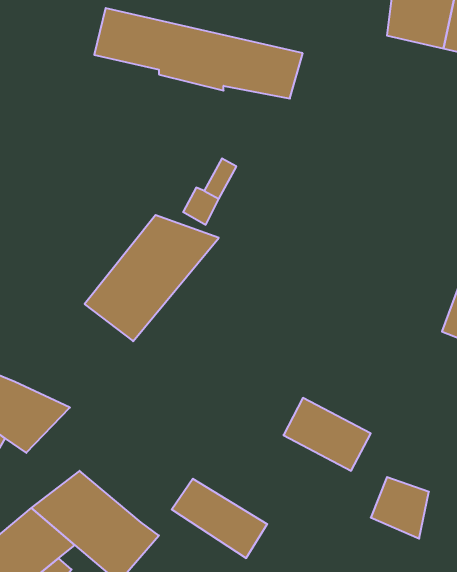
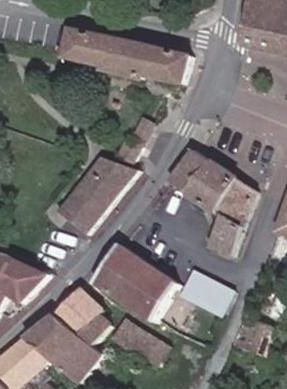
building: none -> [167,149,255,256]
building: none -> [92,244,177,321]
building: none -> [52,288,109,346]

